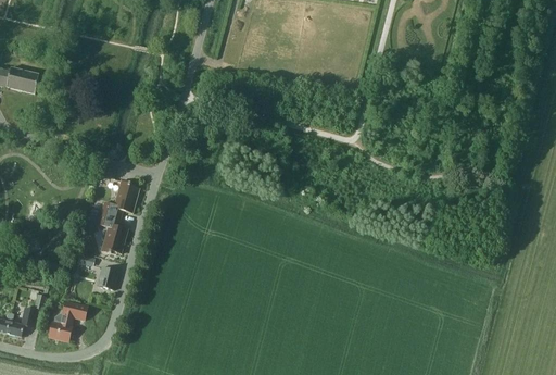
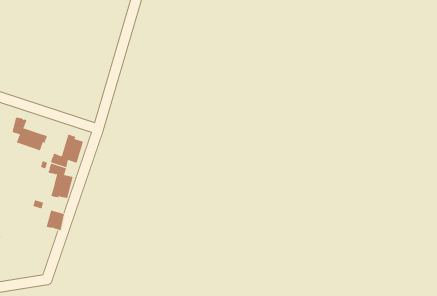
building: none -> [12,116,47,151]
building: [48,300,87,340] -> none

